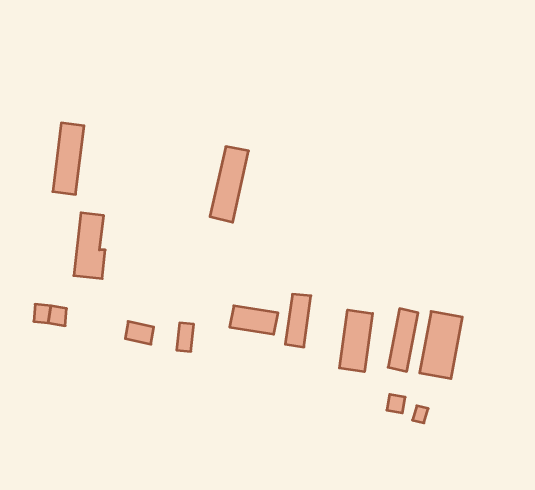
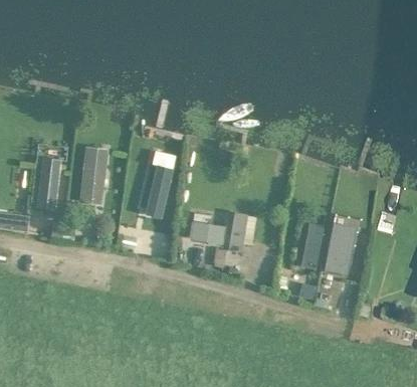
building: [53,123,84,194] -> [37,158,59,208]
building: [210,147,249,222] -> [146,164,173,217]
building: [339,310,373,372] -> none

